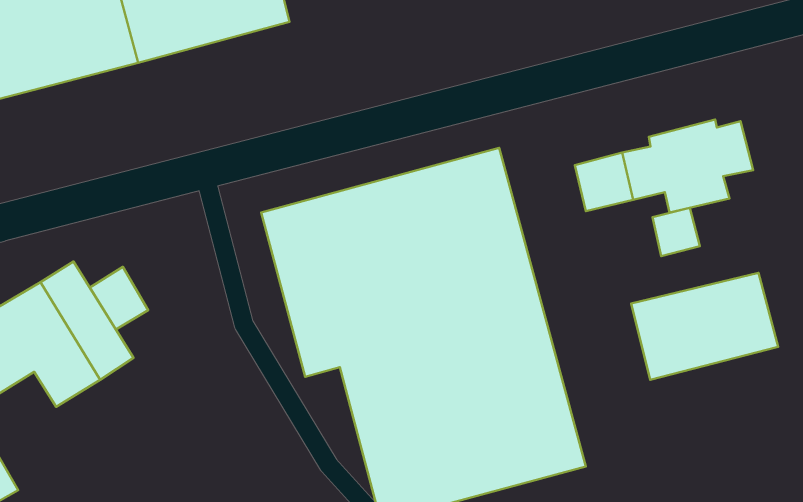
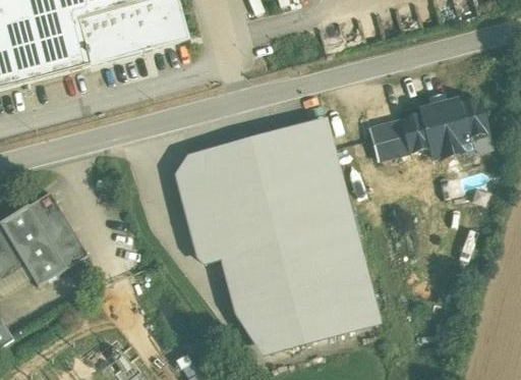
building: [652,208,700,256] -> none
building: [90,267,148,330] -> none
building: [631,273,778,380] -> none

